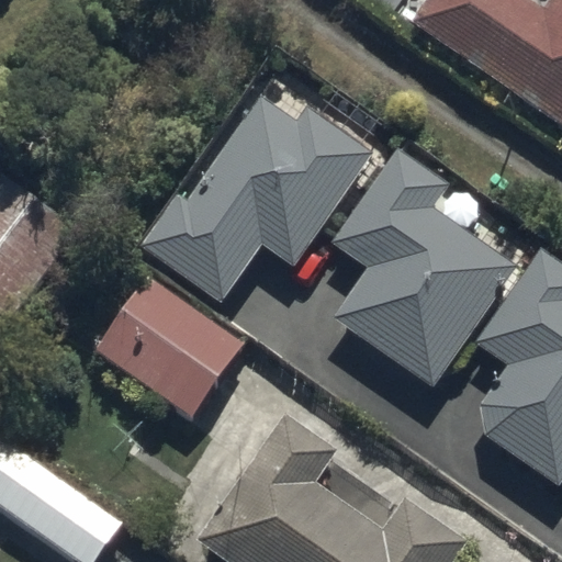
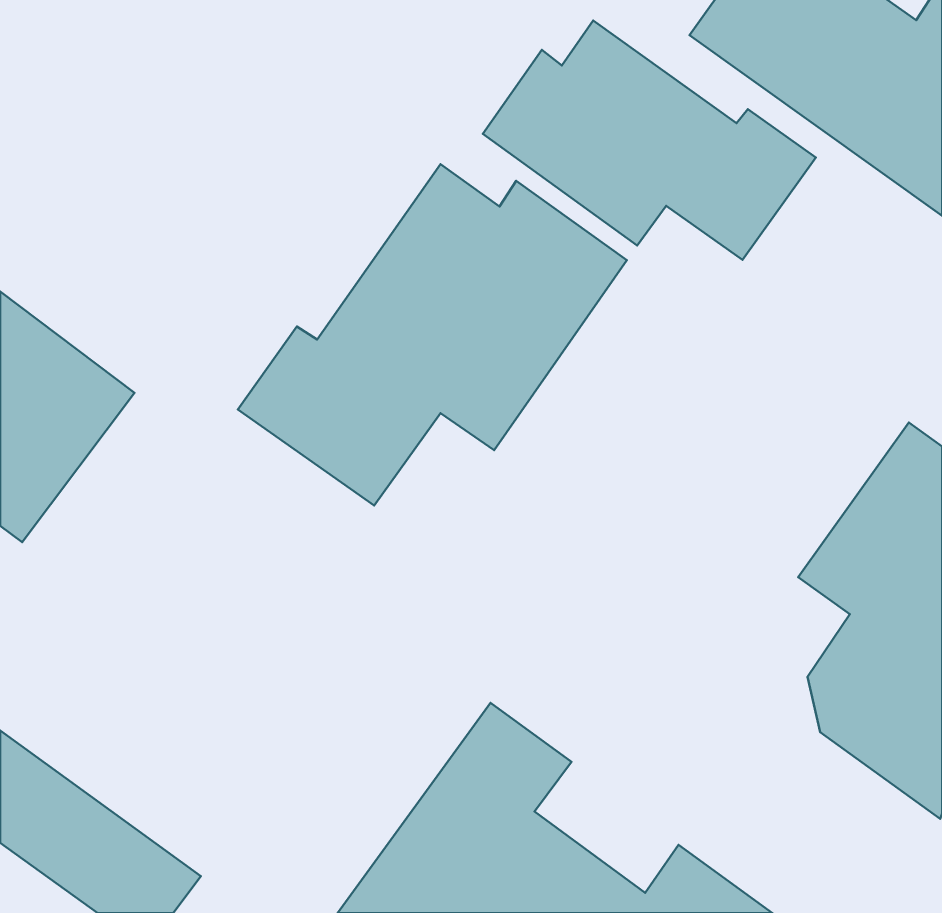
building: none -> [483,21,816,260]
building: [334,153,515,385] -> none
building: [94,274,244,415] -> none

